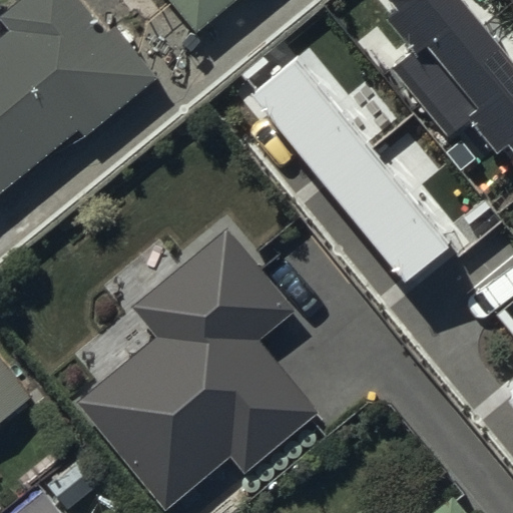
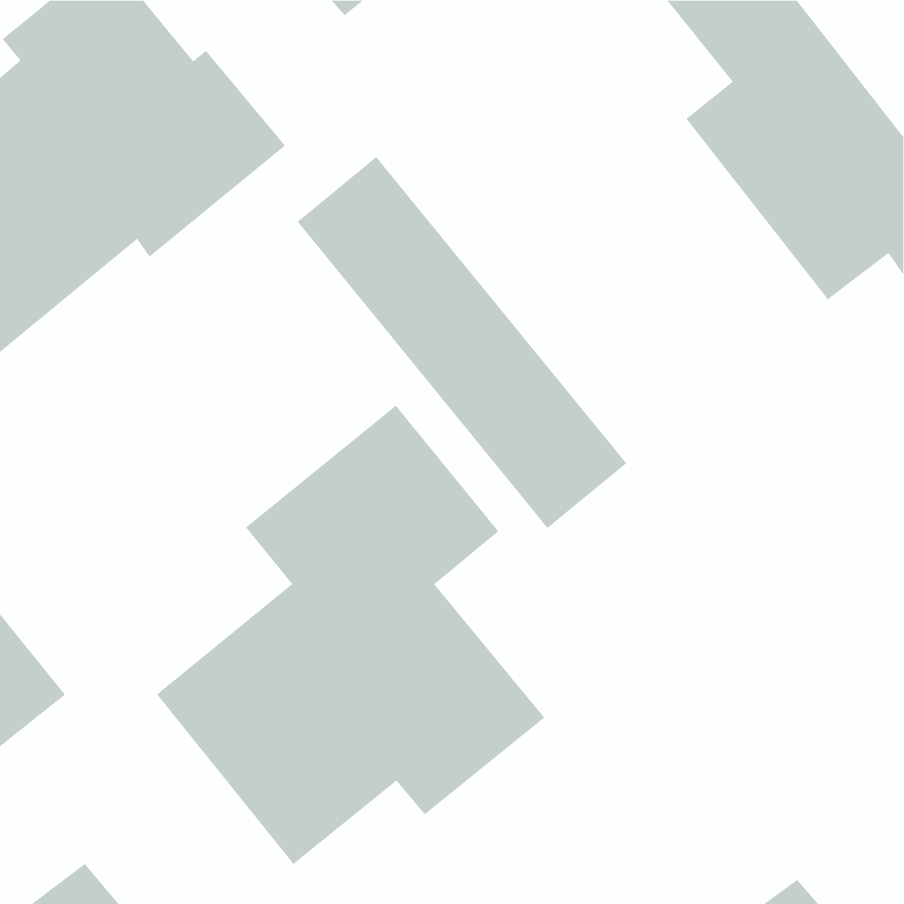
building: [245,42,432,252] -> [297,156,627,529]

